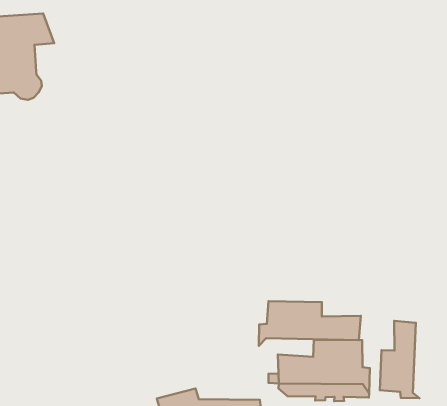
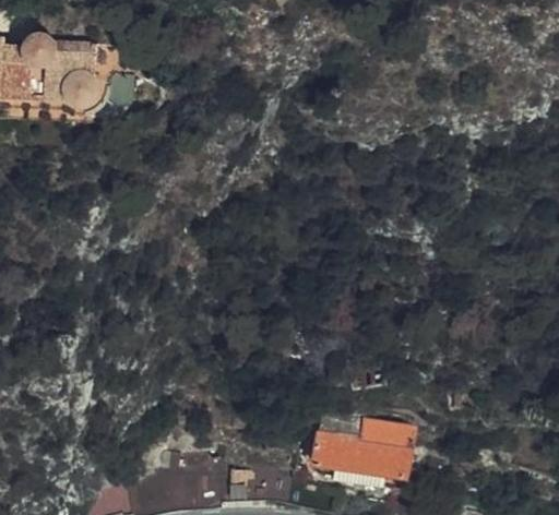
building: [259,301,361,346] -> none
building: [380,321,420,398] -> none

